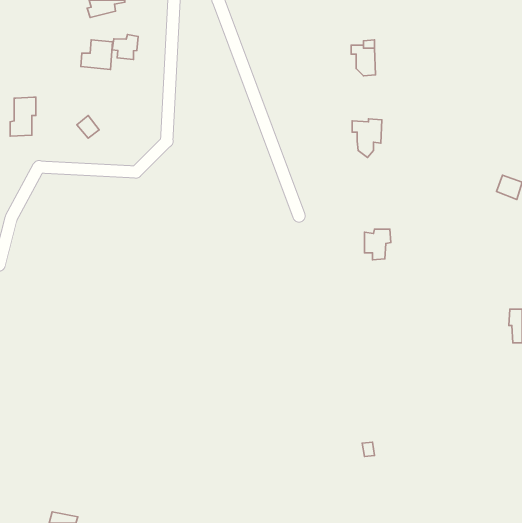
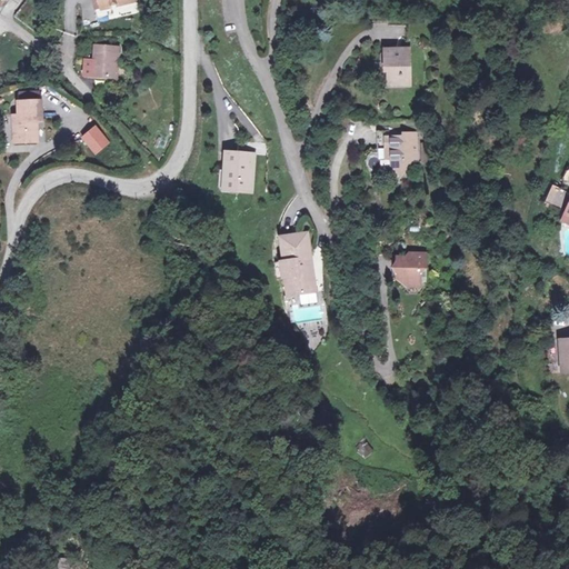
building: [112,35,138,59] -> none
building: none -> [221,151,250,191]
building: none -> [278,230,316,293]

